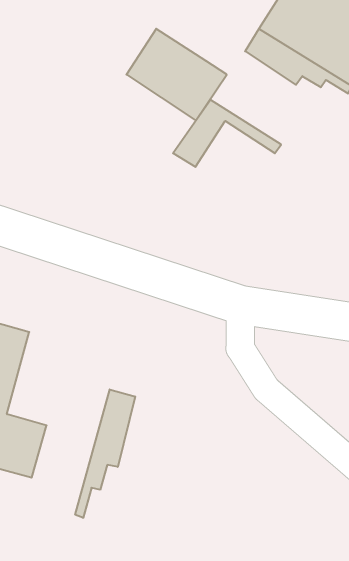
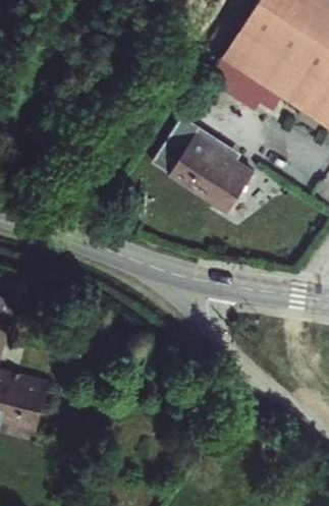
building: [126,29,227,121] -> [170,134,253,210]
building: [75,389,135,518] -> none

